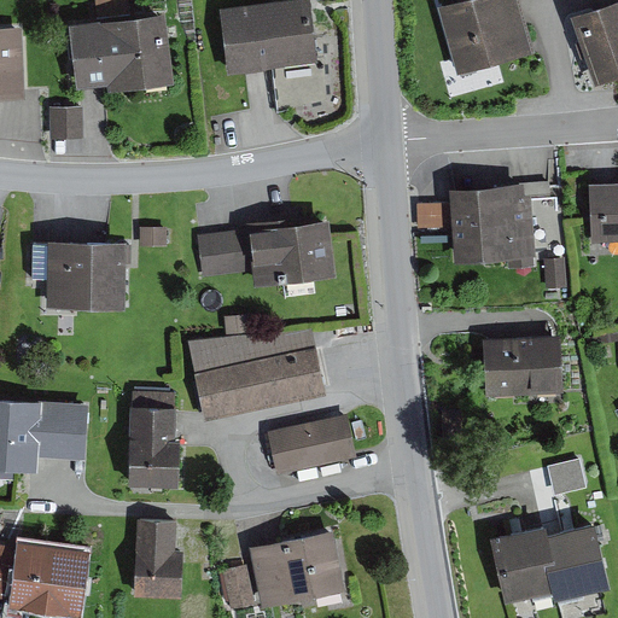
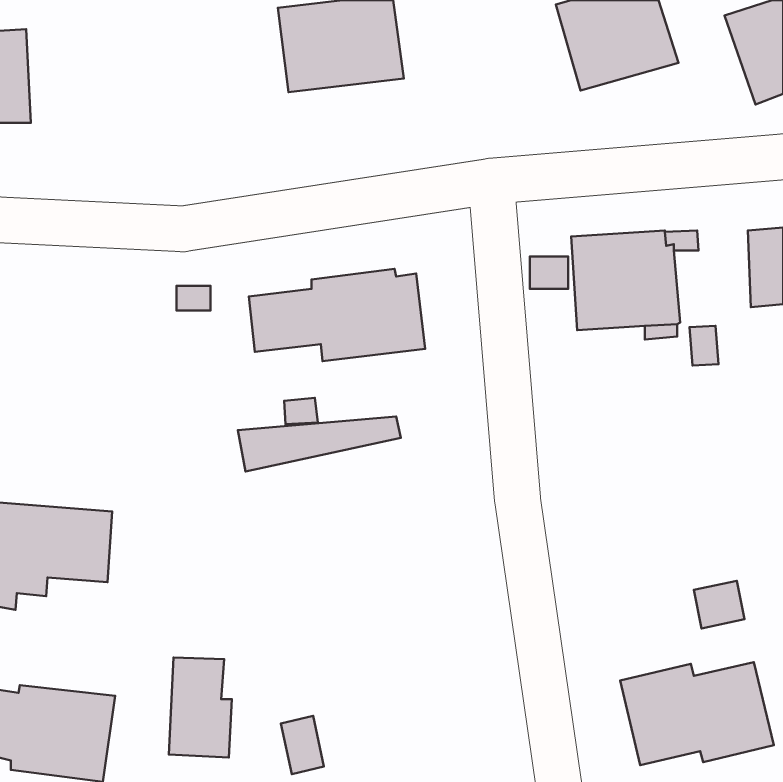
building: [68,11,174,93] -> none
building: [48,106,82,140] -> none
building: [30,238,126,310] -> none
building: [482,336,562,398] -> none
building: [193,346,326,421] -> none
building: [127,392,179,486] -> none
building: [267,415,355,476] -> none
building: [249,530,344,607] -> none

